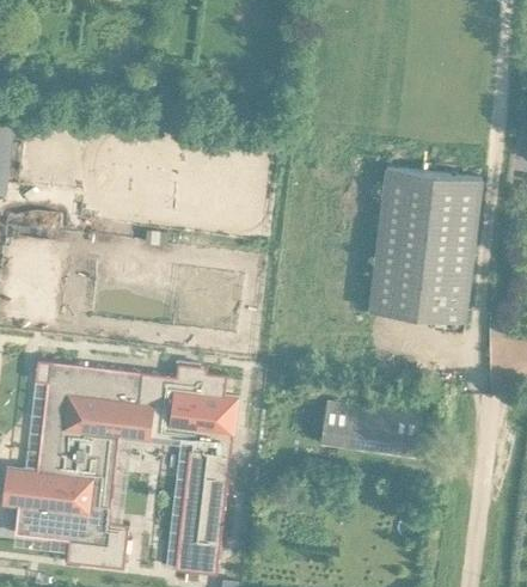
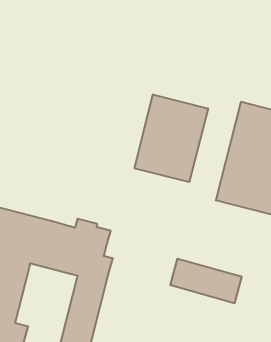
building: none -> [135,94,208,182]

